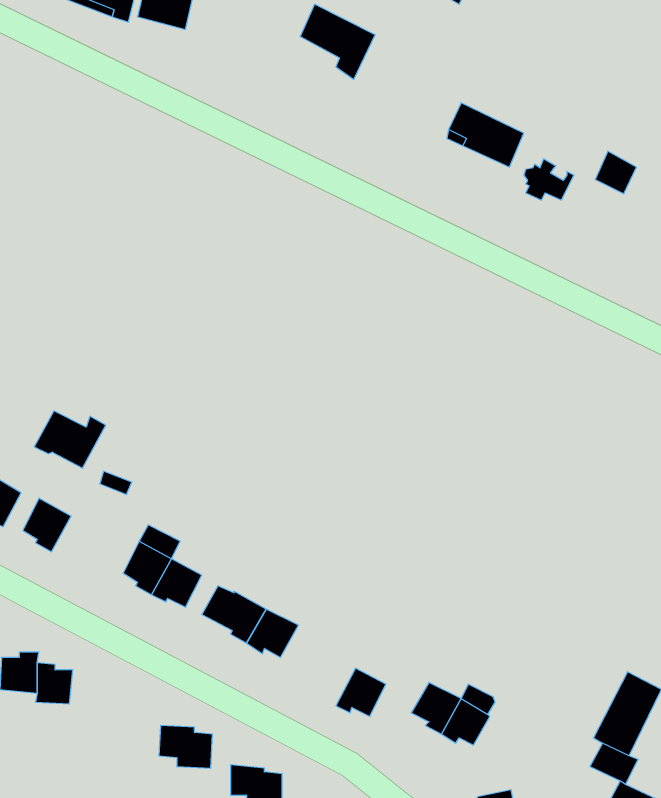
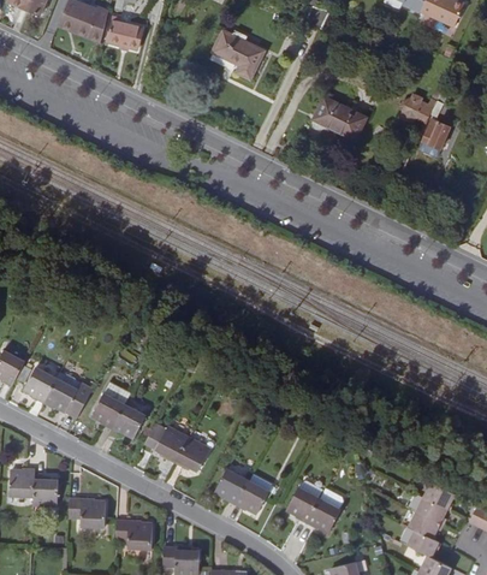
building: [524,159,574,200] -> [398,95,432,123]
building: [34,411,106,468] -> [46,375,94,414]
building: none -> [218,467,250,503]
building: none -> [70,494,106,523]

